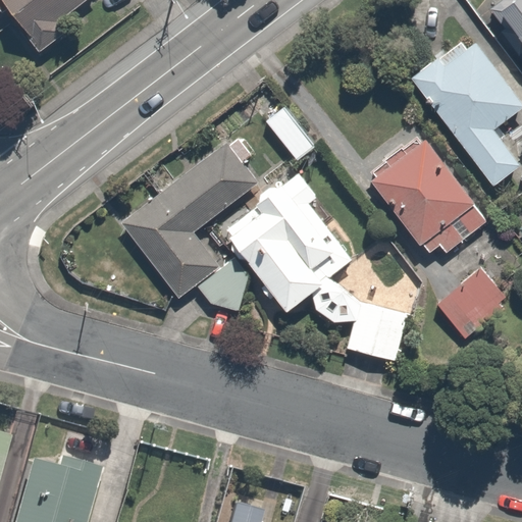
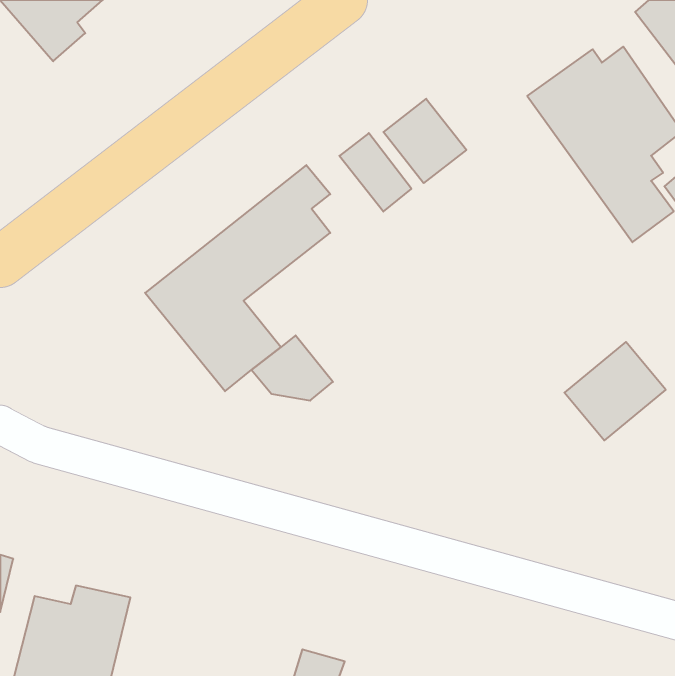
building: none -> [383,99,466,183]
building: [367,133,488,255] -> none
building: [223,175,407,358] -> none

